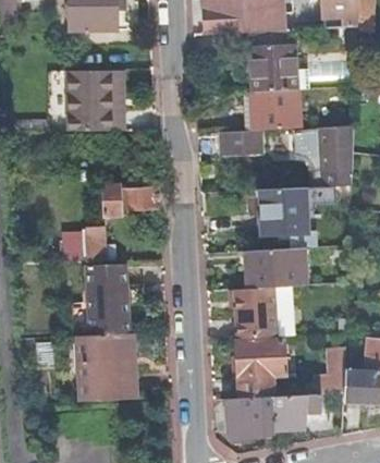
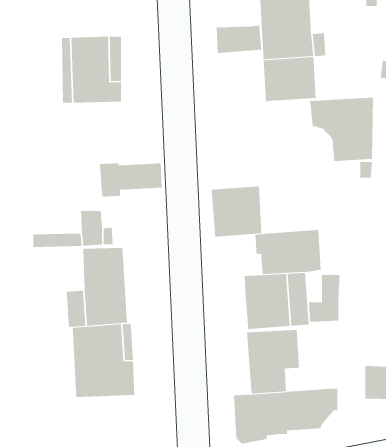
building: [221,130,263,156] -> [216,25,262,54]
building: [260,186,307,233] -> [211,186,262,237]
building: [315,349,344,392] -> [308,274,340,322]

